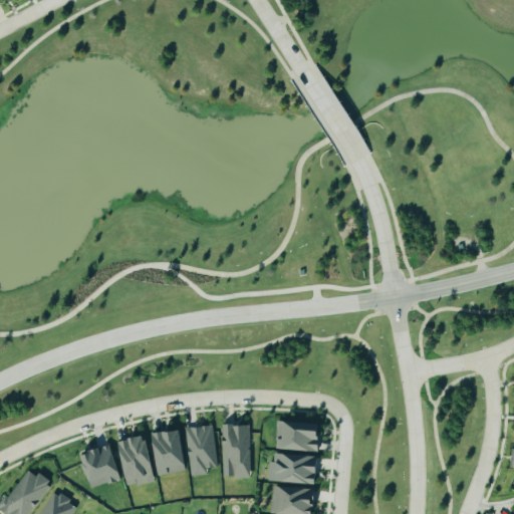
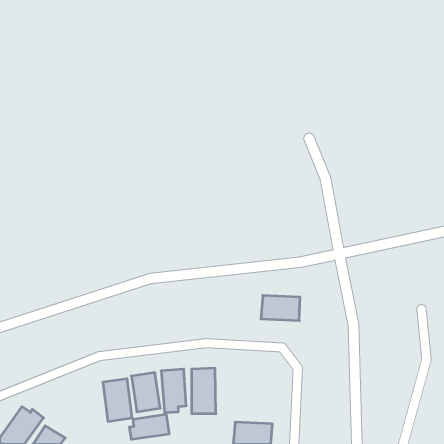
building: [274,422,319,451] -> [261,295,300,321]
building: [80,445,119,488] -> none
building: [267,454,317,484] -> none
building: none -> [129,414,169,439]

